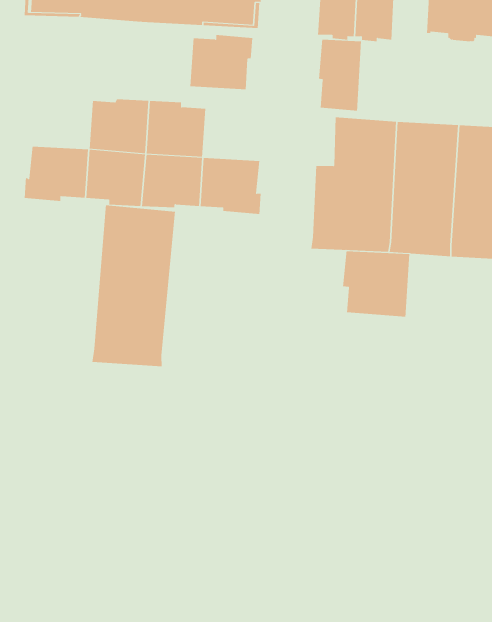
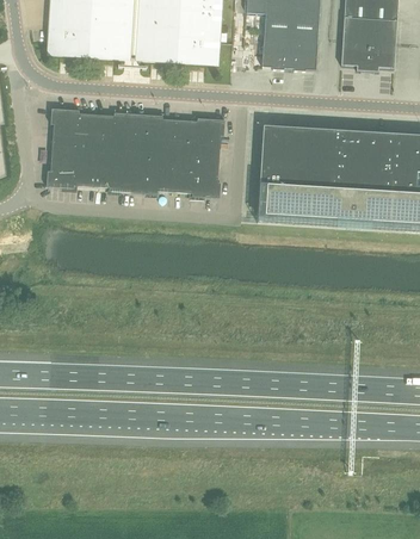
building: [190,34,253,90] -> [178,118,224,159]
building: [319,39,362,111] -> none
building: none -> [50,109,97,150]
building: [92,204,175,367] -> none
building: [343,250,410,318] -> none

